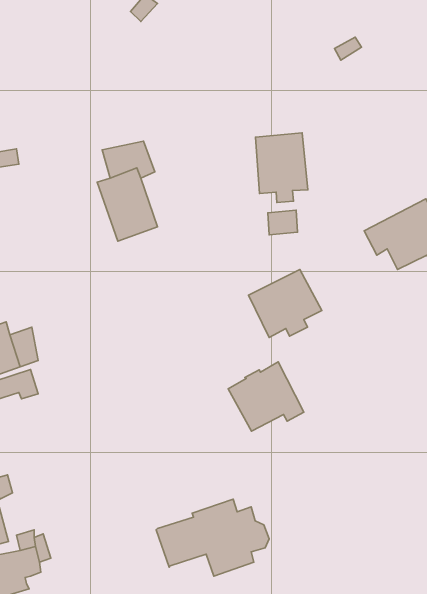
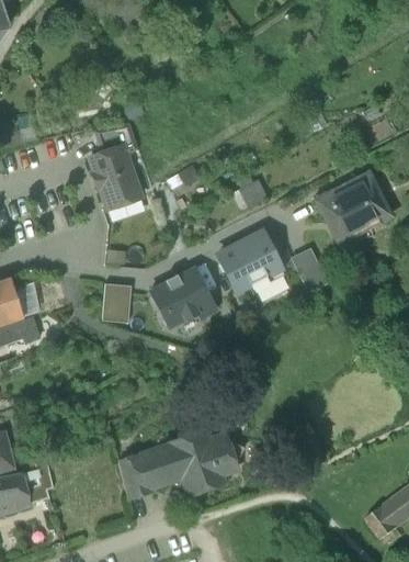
building: [255,133,308,203] -> none
building: none -> [291,246,325,291]
building: none -> [103,283,132,323]
building: [228,362,304,431] -> [150,268,215,327]
building: none -> [117,453,154,499]

